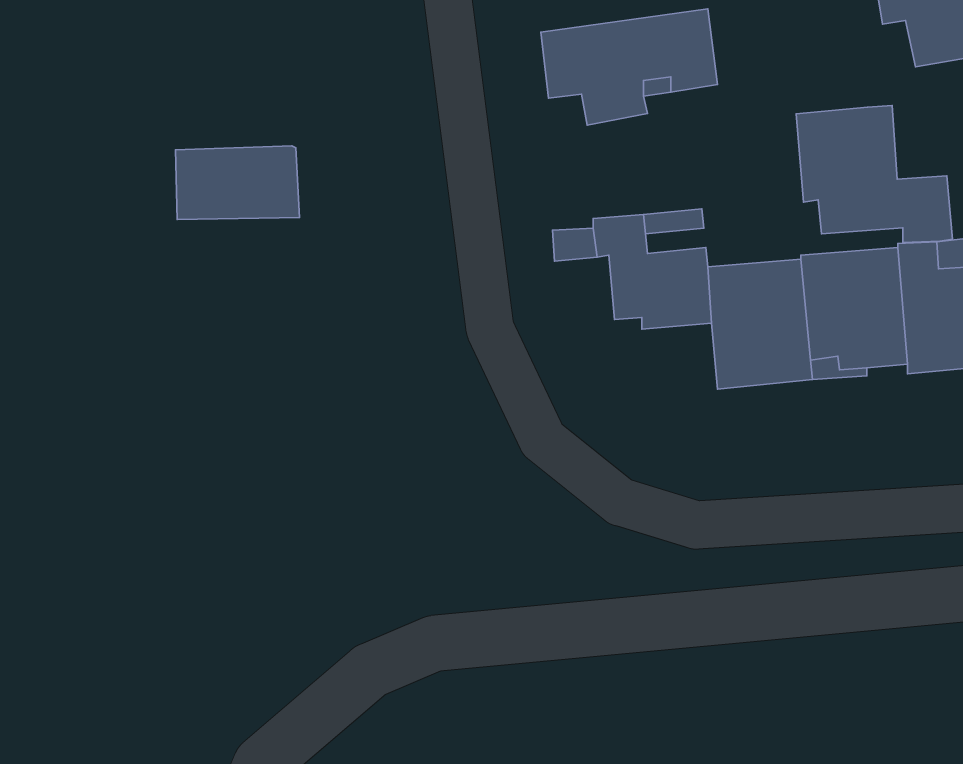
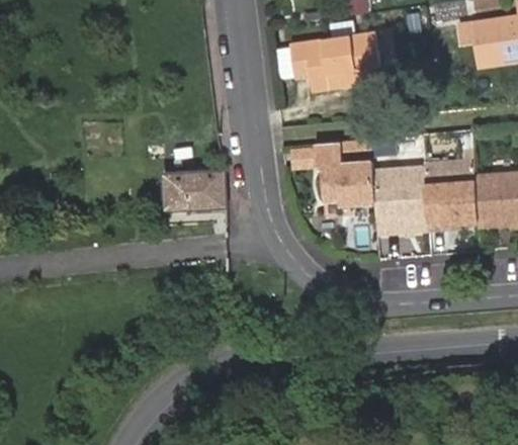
building: [796,105,952,243] -> none
building: [175,146,300,220] -> [161,170,226,208]

